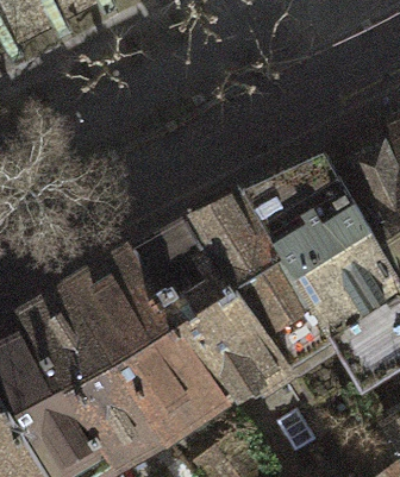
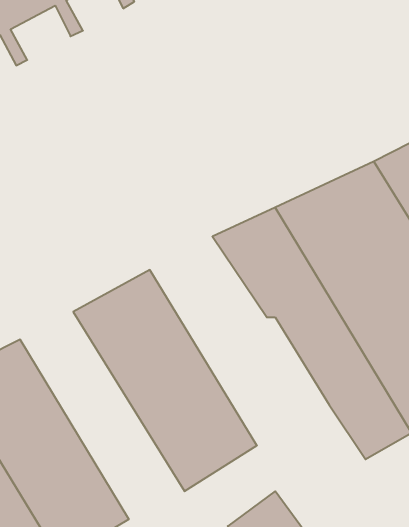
building: [144,215,298,394] -> none
building: [33,280,174,457] -> none

